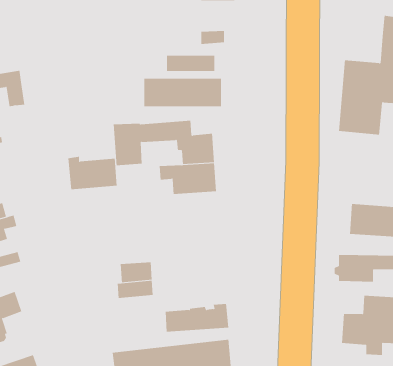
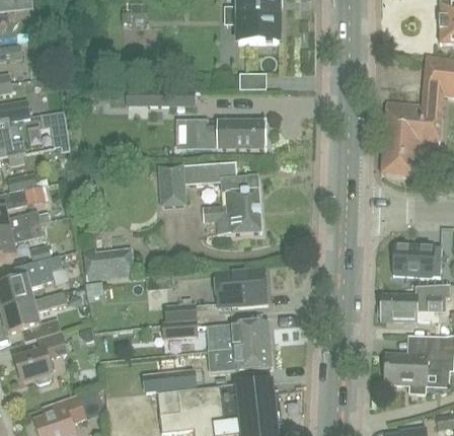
building: [166,55,215,71] -> [146,88,195,104]
building: [67,156,117,190] -> [83,245,133,279]
building: none -> [216,268,267,304]
building: none -> [207,320,271,351]
building: none -> [143,369,197,391]

